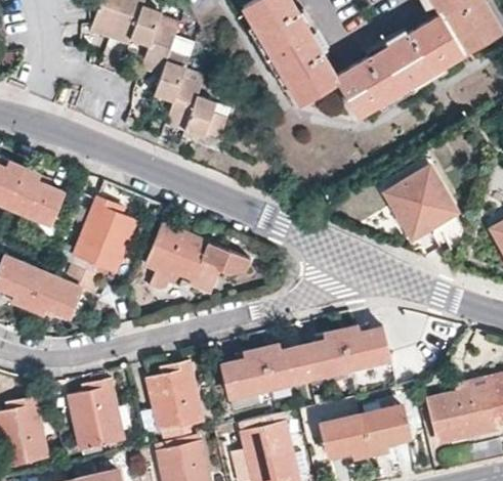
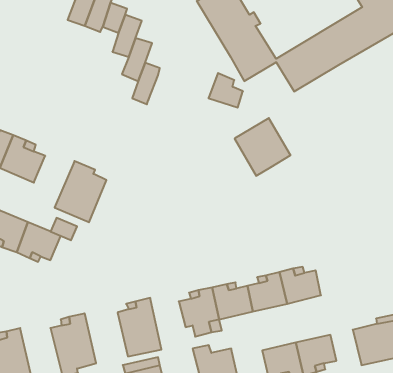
building: [185,96,226,137] -> [208,73,243,108]
building: [388,169,455,237] -> [235,118,291,176]
building: [140,226,220,291] -> none

